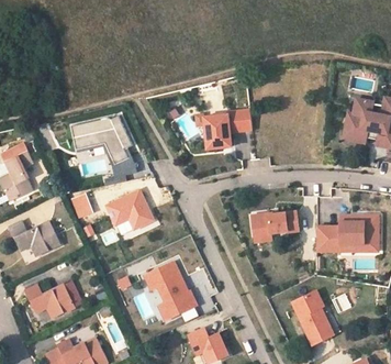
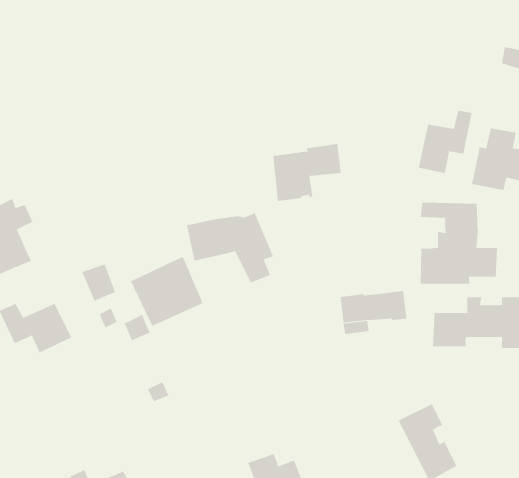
building: none -> [418,110,472,174]
building: [69,117,131,166] -> [186,213,274,283]
building: none -> [420,202,497,285]
building: [141,258,197,322] -> none
building: [25,284,77,318] -> none

